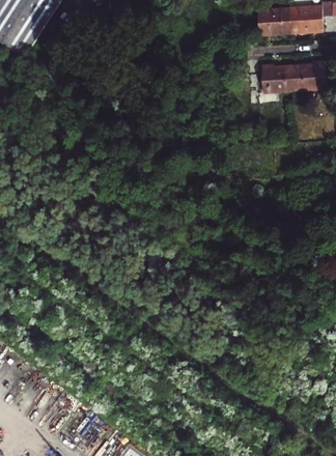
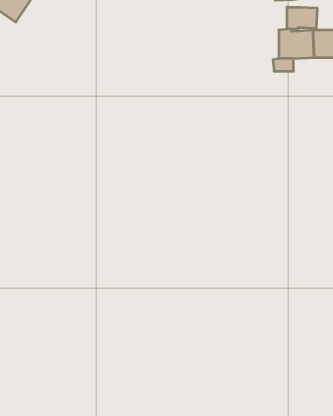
building: none -> [287,7,317,29]

